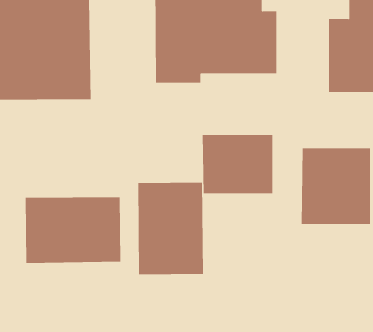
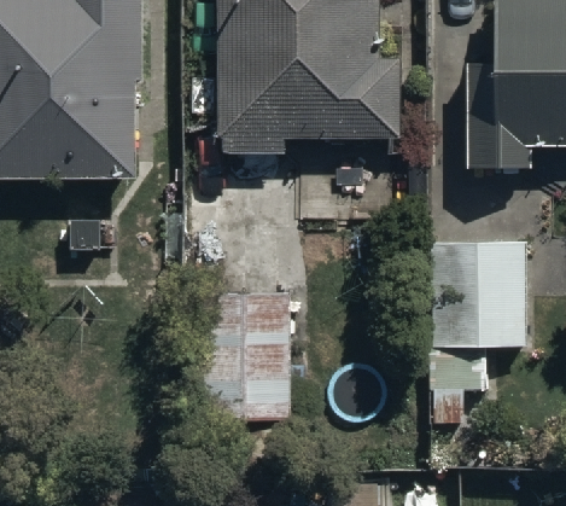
building: [202,134,273,194] -> none
building: [25,196,121,264] -> none

